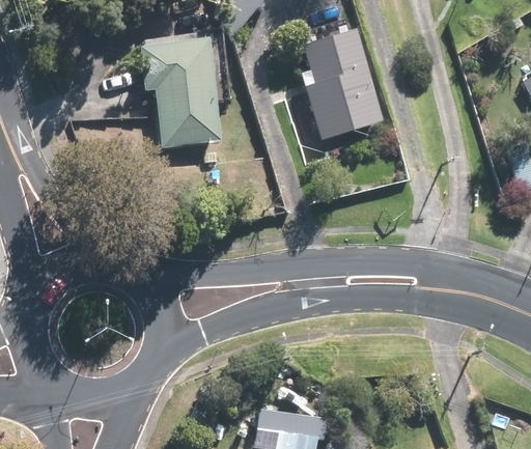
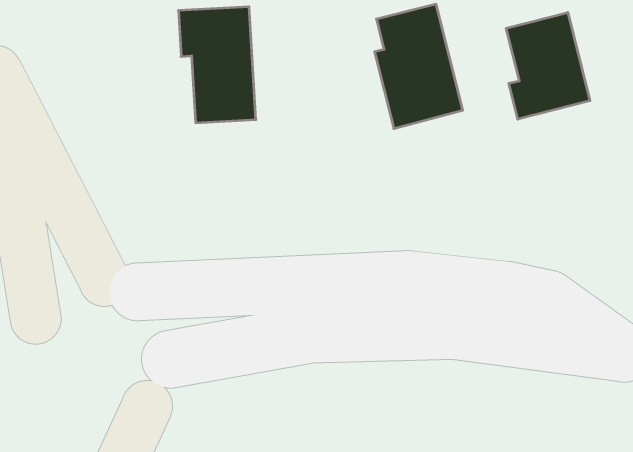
building: none -> [506,12,590,119]

